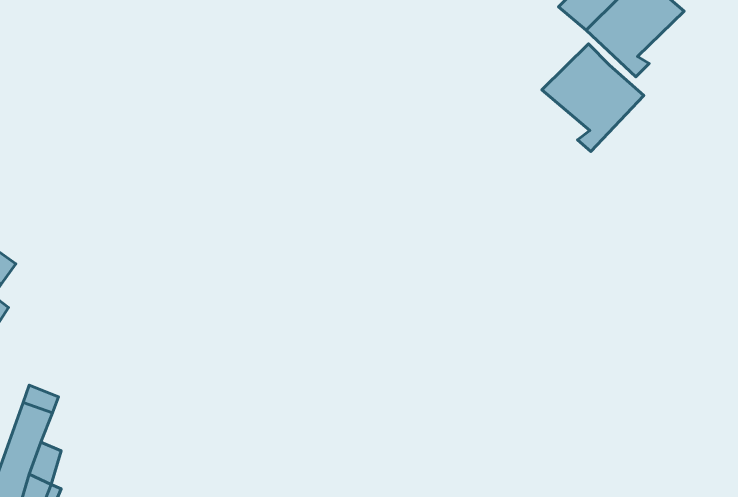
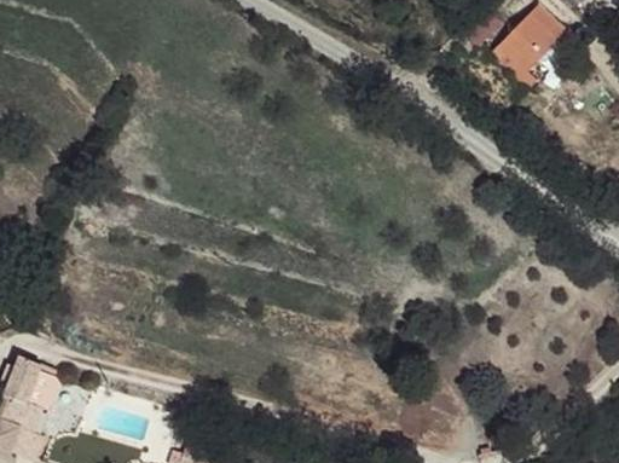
building: [542,44,644,152] -> none

